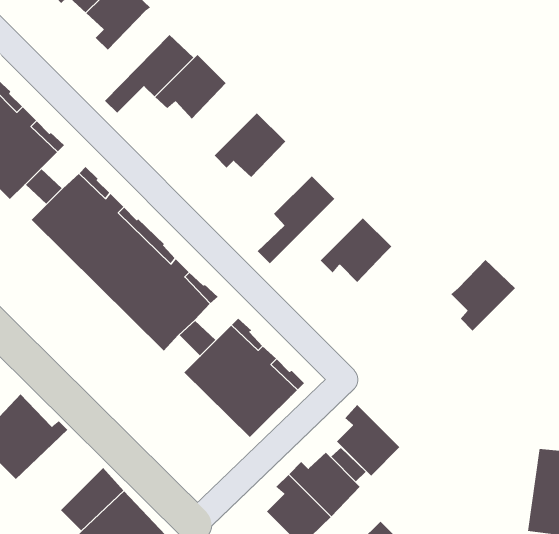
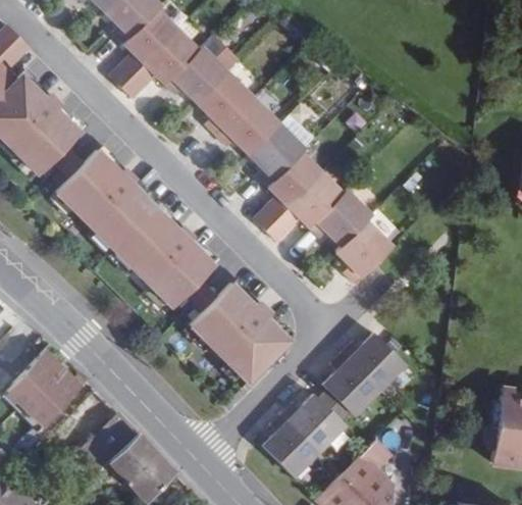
building: none -> [109,10,177,89]
building: none -> [197,73,254,137]
building: none -> [249,124,306,188]
building: none -> [265,174,343,243]
building: [450,259,516,331] -> [335,222,393,286]
building: none -> [342,335,405,392]

